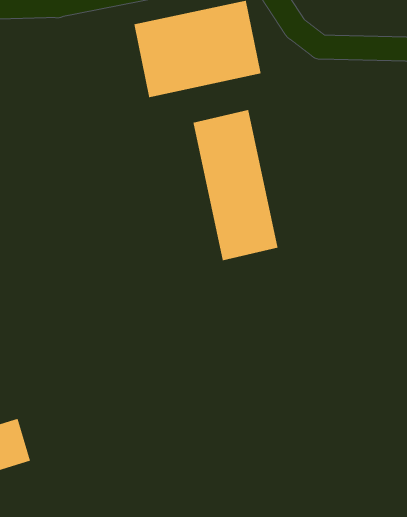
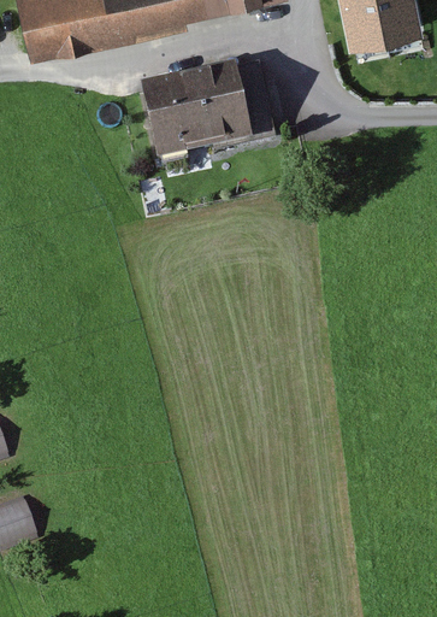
building: [193,109,278,261] -> none

